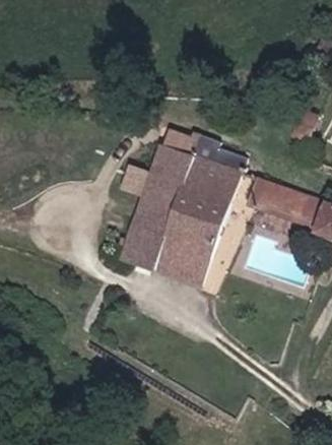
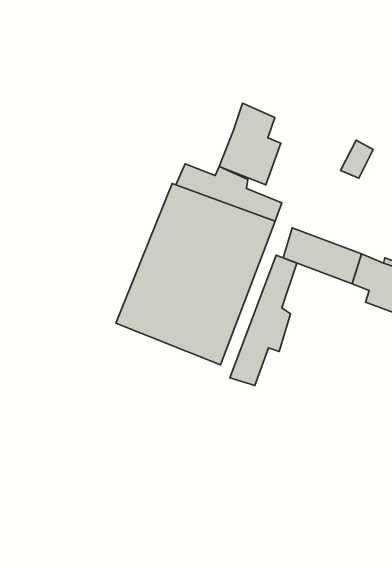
building: none -> [219,103,281,185]
building: none -> [230,255,297,386]

